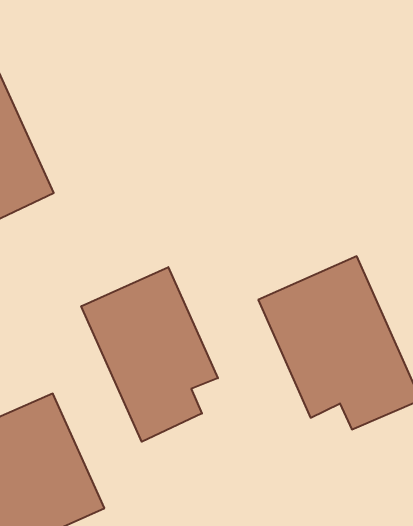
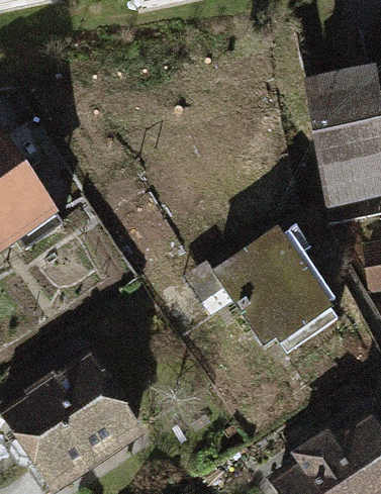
building: [81,267,218,442] -> none

